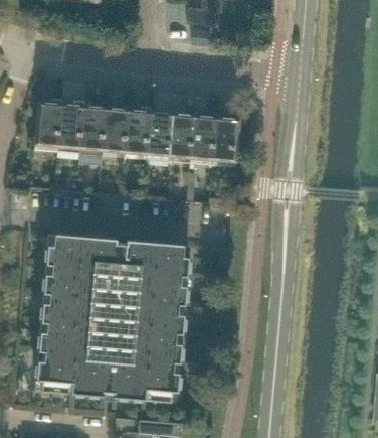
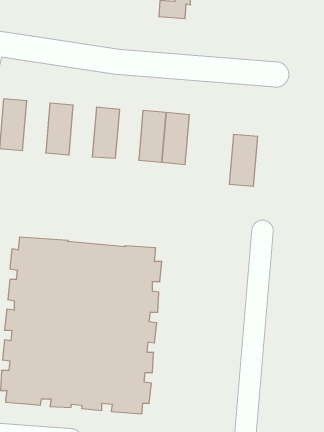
building: [56,103,82,152] -> none
building: [101,107,127,156] -> none
building: [145,111,171,159] -> none
building: [211,116,238,165] -> [229,135,258,186]

